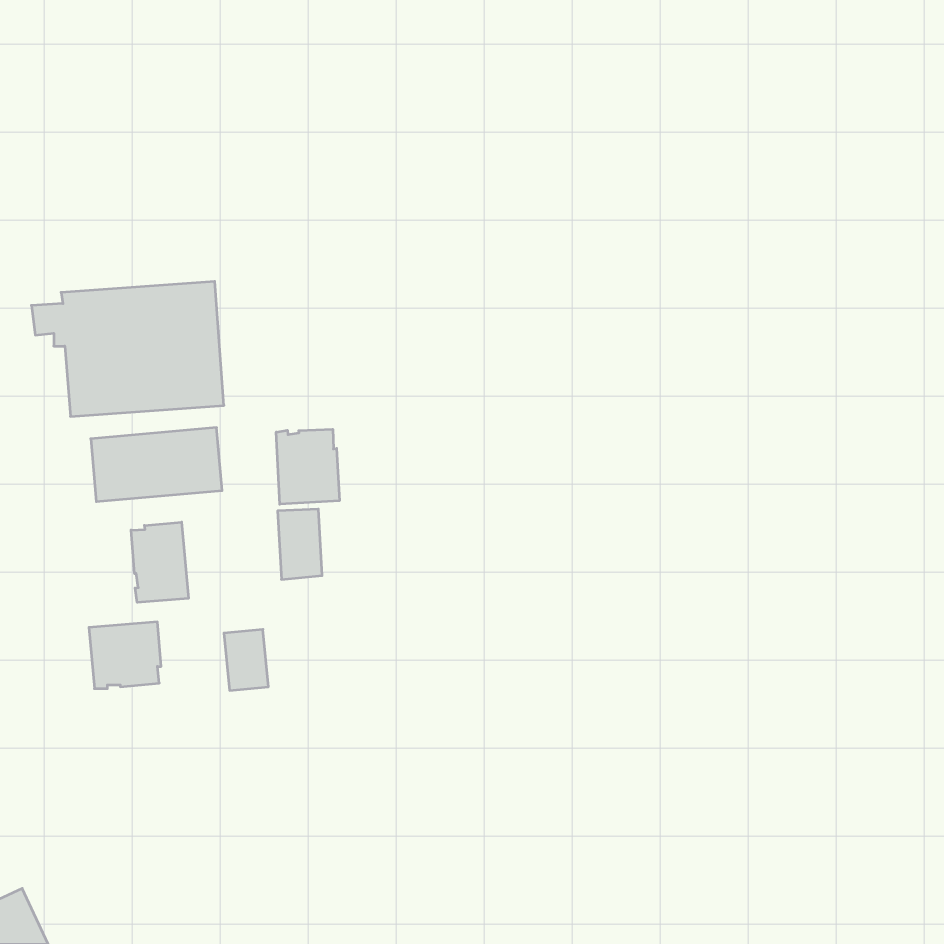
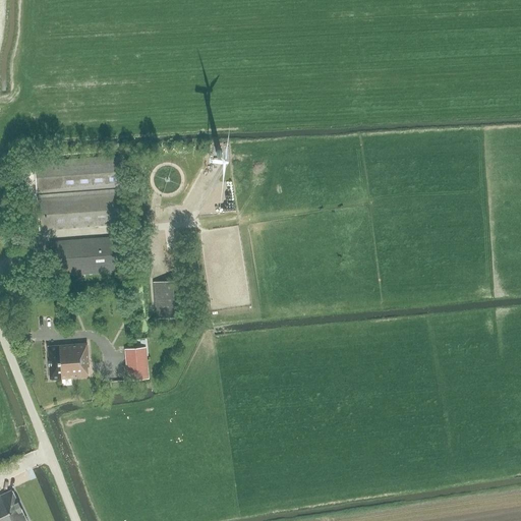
building: [276,429,339,504] -> none
building: [131,522,188,602] -> none

